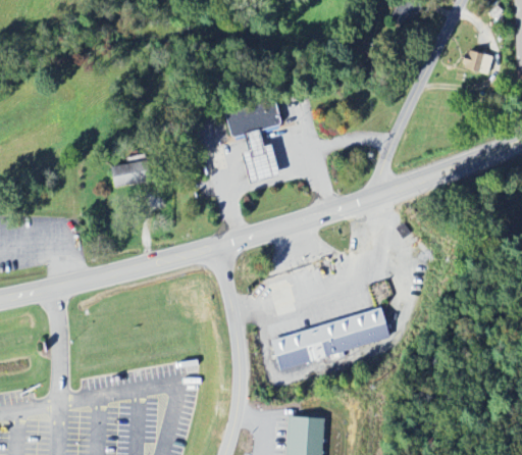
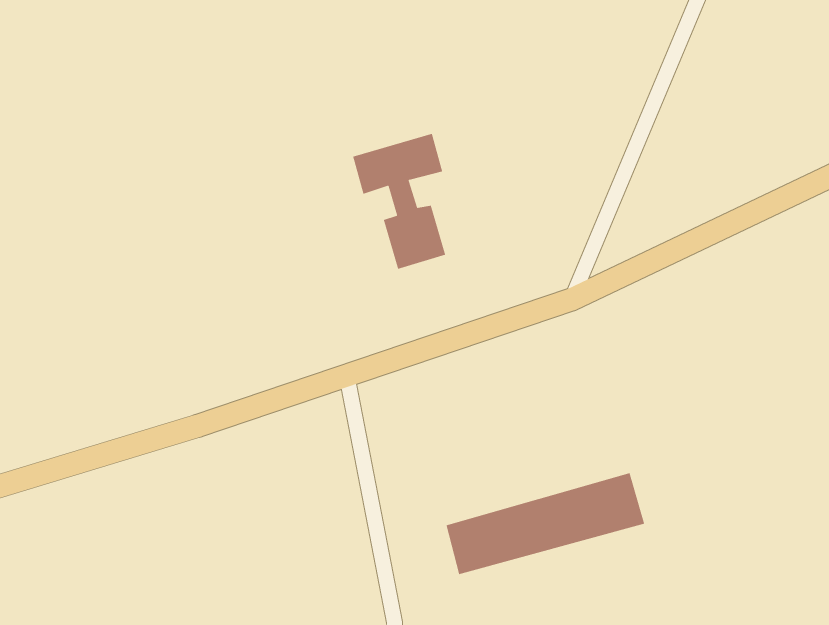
building: [463,49,492,72] -> none
building: [112,159,152,187] -> none

